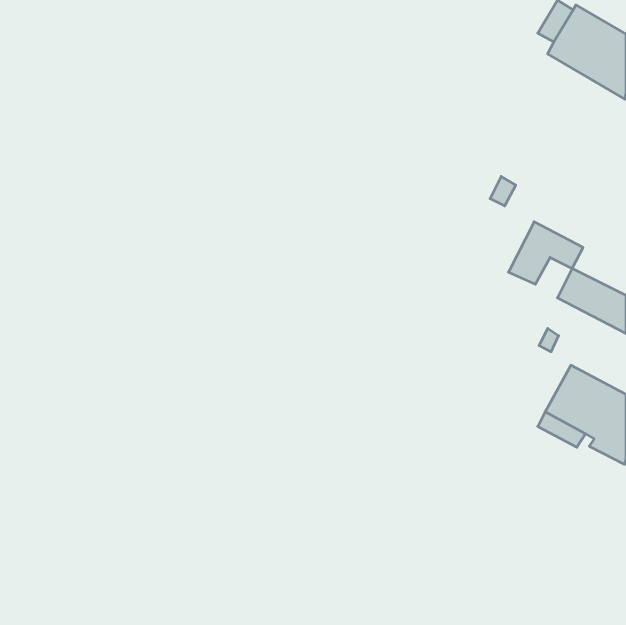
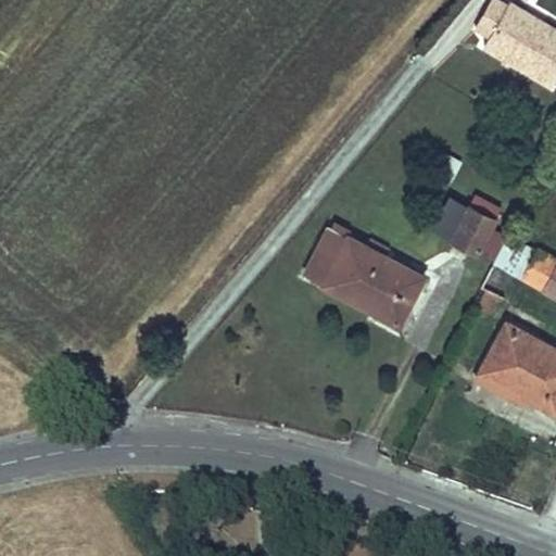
building: none -> [306,231,419,323]

